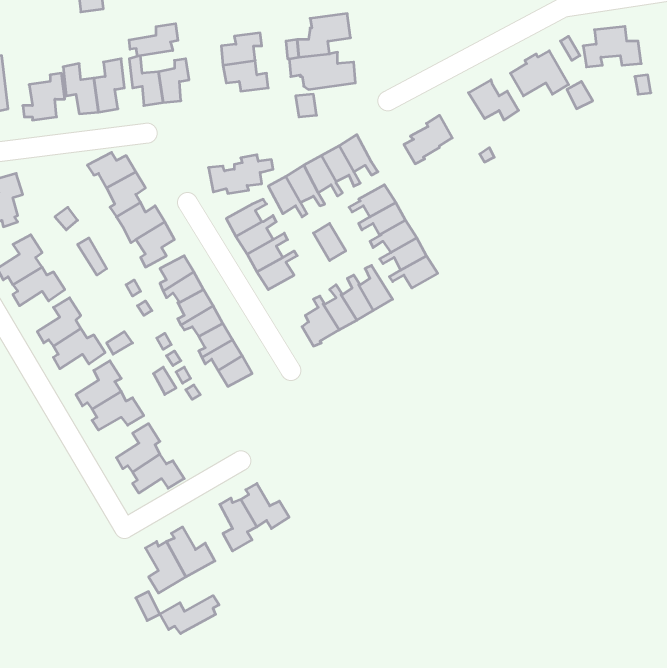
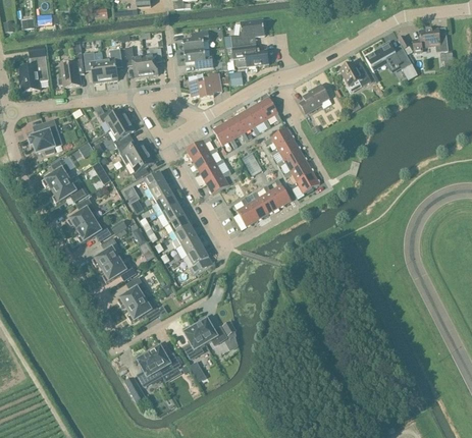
building: [129,24,178,56] -> none
building: [208,155,273,193] -> [189,73,229,98]
building: none -> [183,247,213,275]
building: [160,596,219,634] -> none

